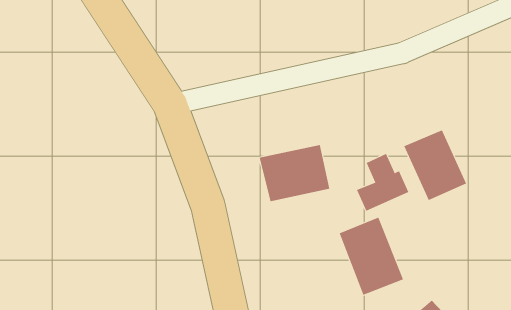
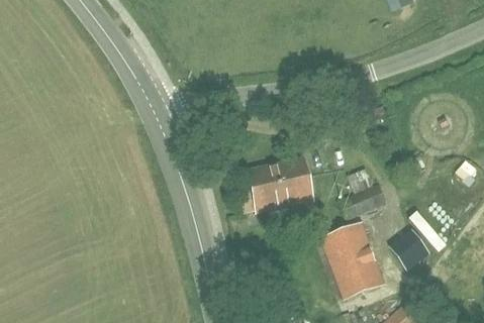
building: [403,130,467,201] -> none
building: none -> [388,226,432,270]

